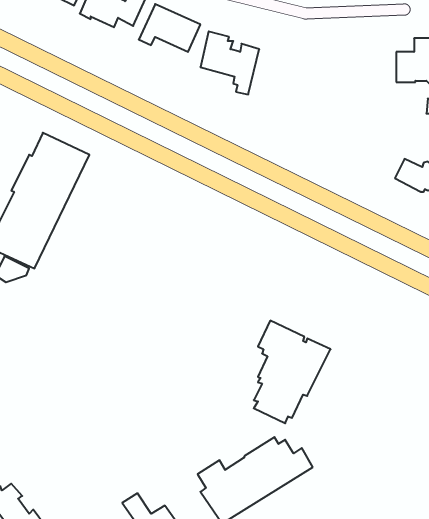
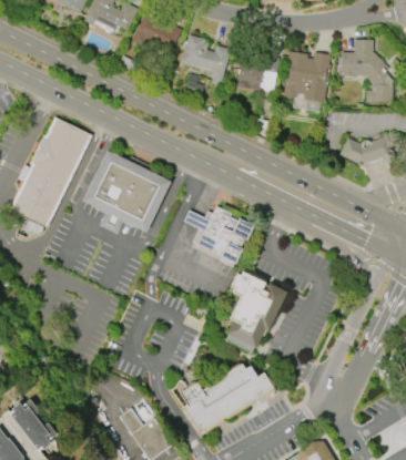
building: none -> [284,52,331,115]
building: none -> [236,59,277,92]
building: none -> [82,151,171,234]
building: none -> [184,206,253,268]

